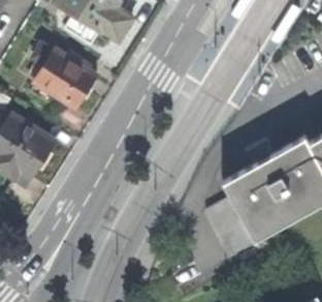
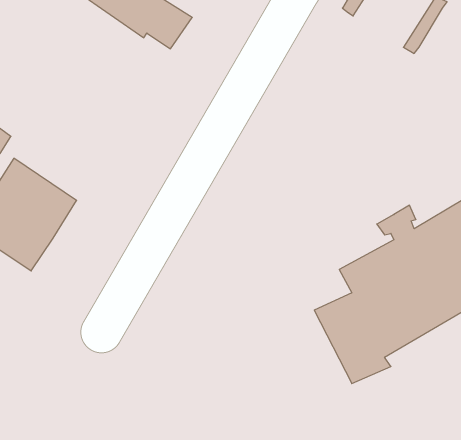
building: [31,42,94,108] -> none

